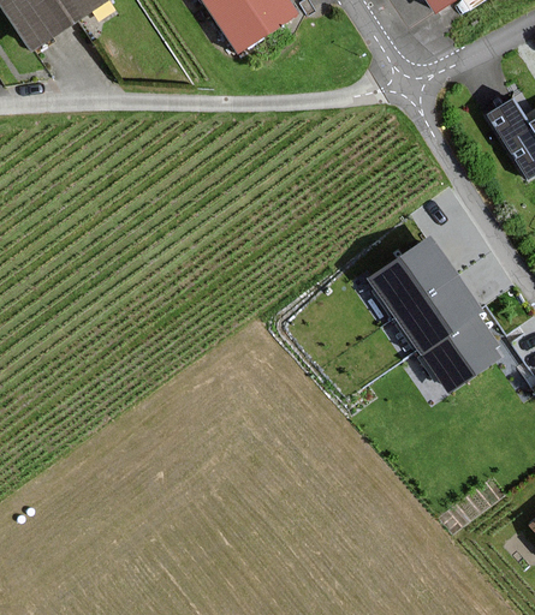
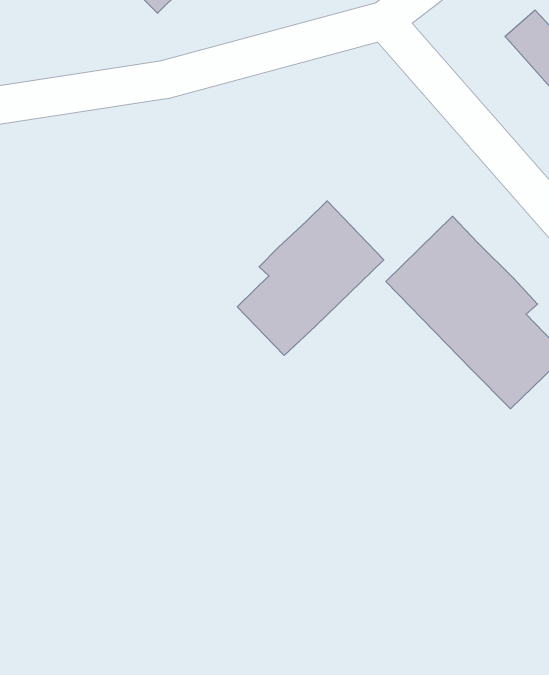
building: none -> [237,201,384,355]

